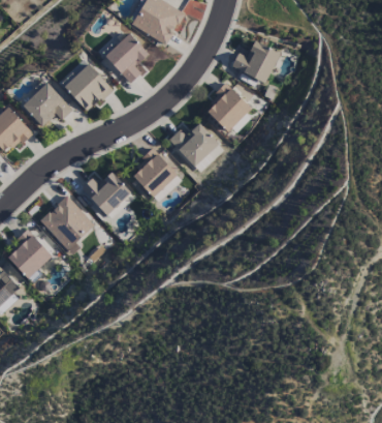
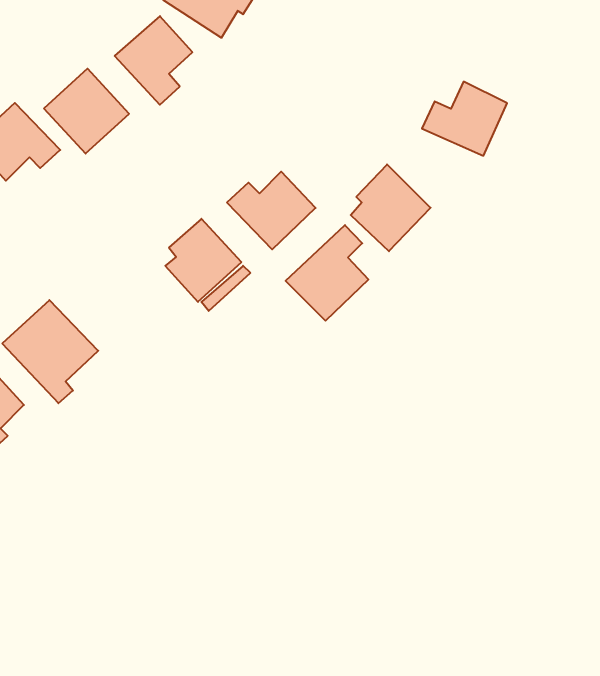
building: [230,40,279,83] -> [422,82,507,156]
building: [205,83,251,132] -> [351,164,431,251]
building: none -> [286,225,368,321]
building: [81,172,130,215] -> none

